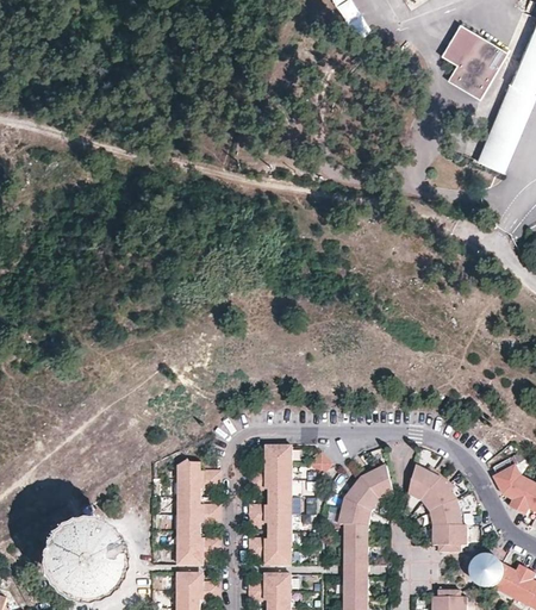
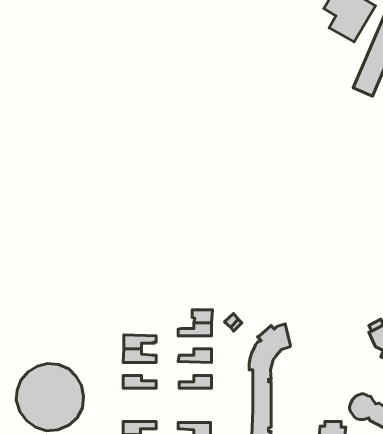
building: [179,460,220,480] -> none
building: [409,465,468,552] -> none
building: [249,480,292,497] -> none
building: [249,513,292,531] -> none
building: [177,515,220,531] -> none
building: [177,548,220,565] -> none
building: [250,548,292,565] -> none
building: [177,574,220,591] -> none
building: [249,574,292,592] -> none

